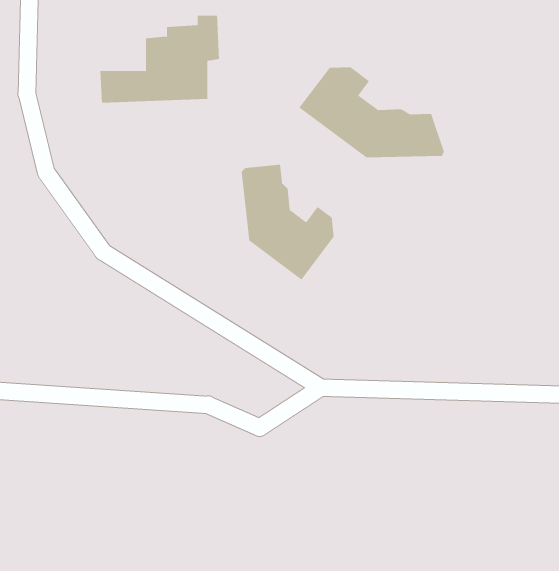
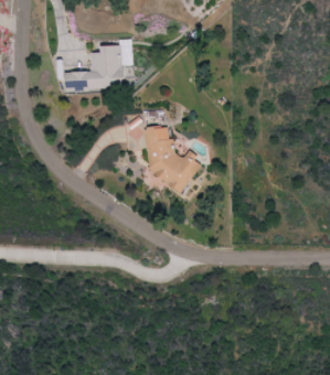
building: [299,66,445,158] -> none

